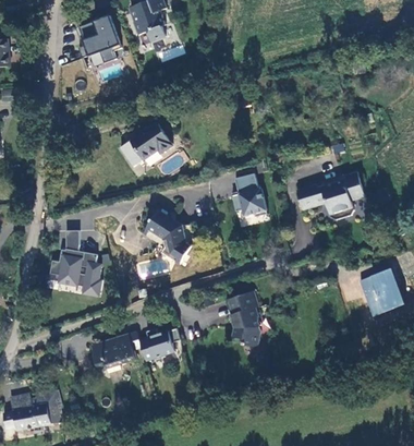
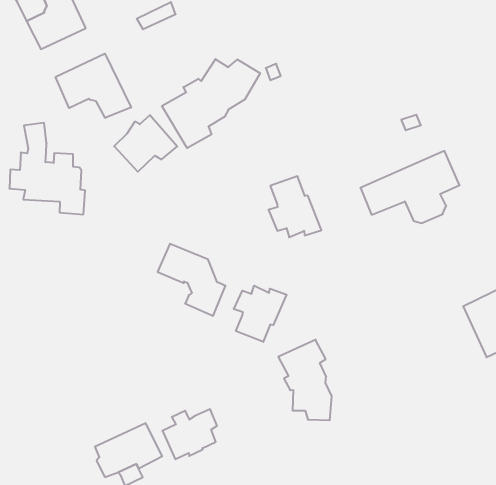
building: none -> [56,54,131,118]
building: none -> [162,59,260,148]
building: [50,231,102,298] -> [9,123,85,214]
building: none -> [234,286,287,342]

